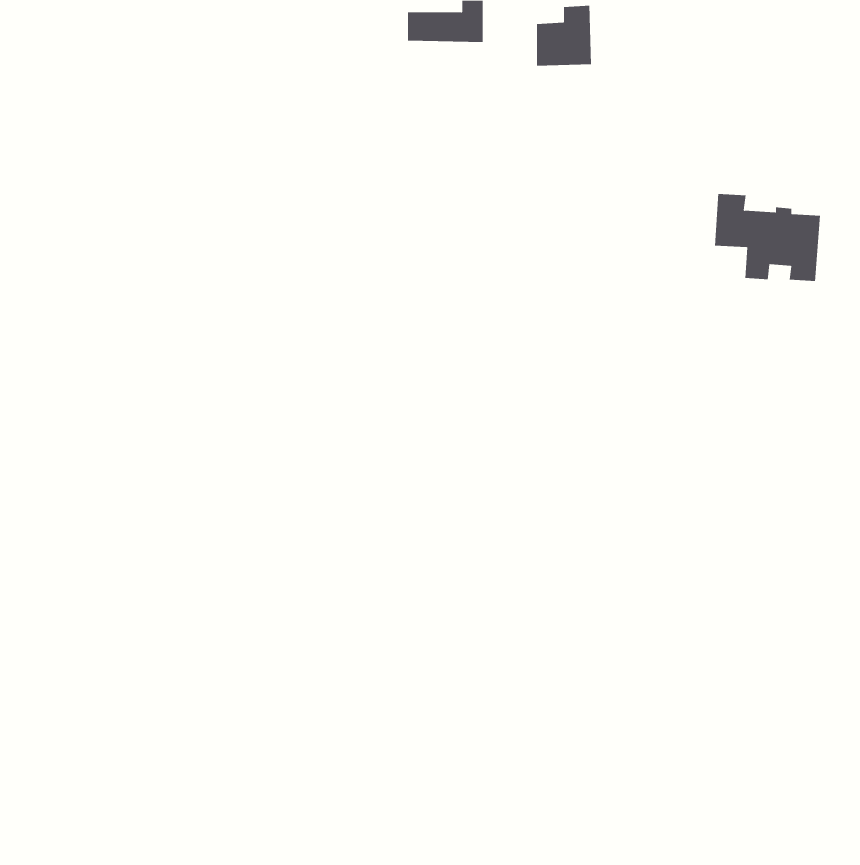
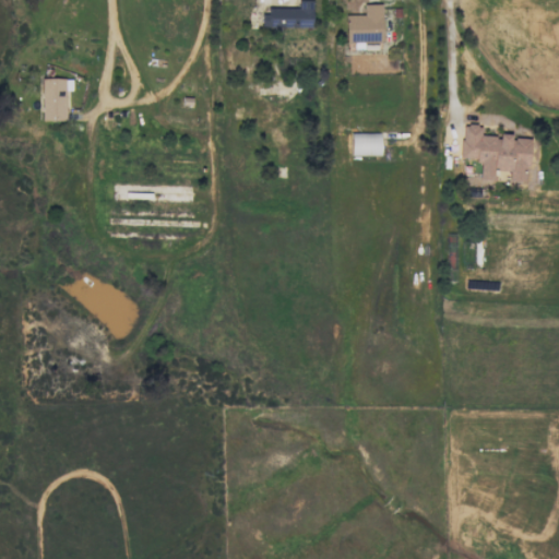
building: none -> [45,83,70,121]
building: none -> [355,133,383,156]

